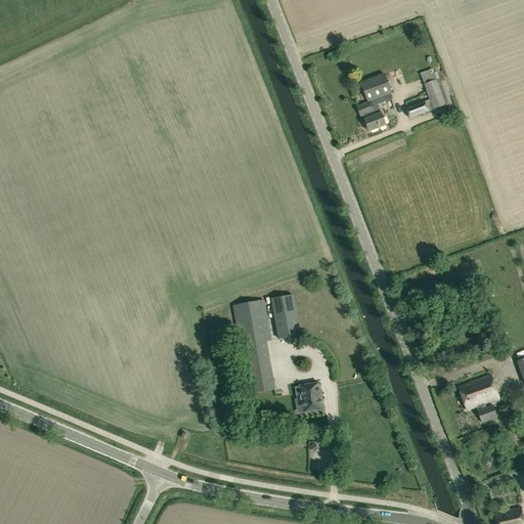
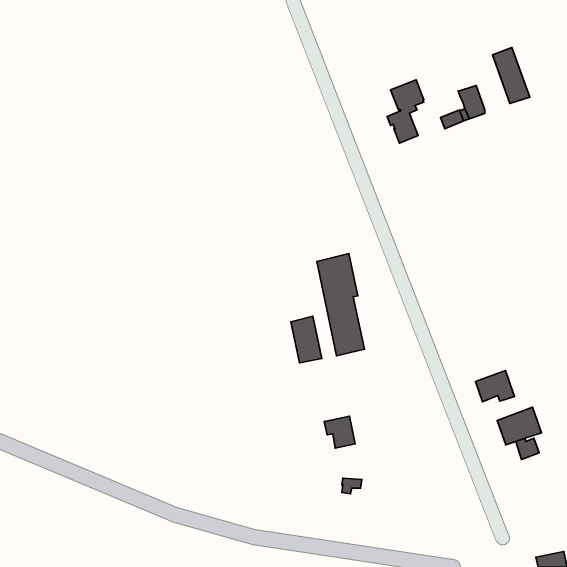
building: none -> [492,47,530,103]
building: [232,298,276,392] -> [317,254,364,356]
building: none -> [476,371,515,402]

